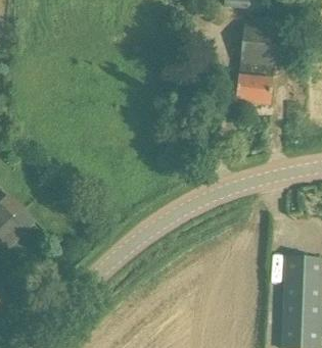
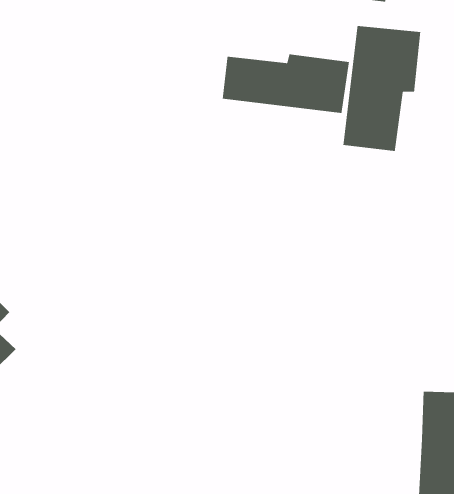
building: none -> [222,53,350,114]

